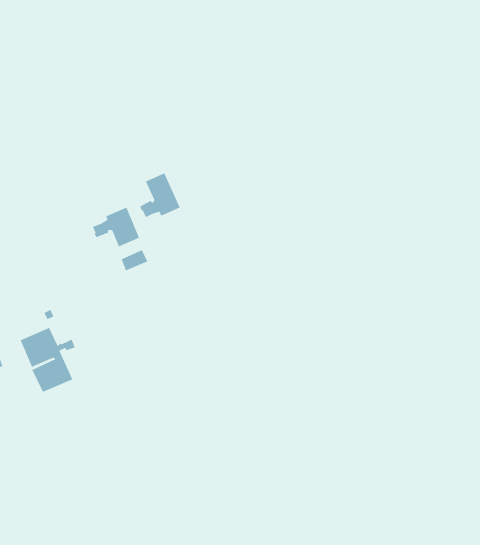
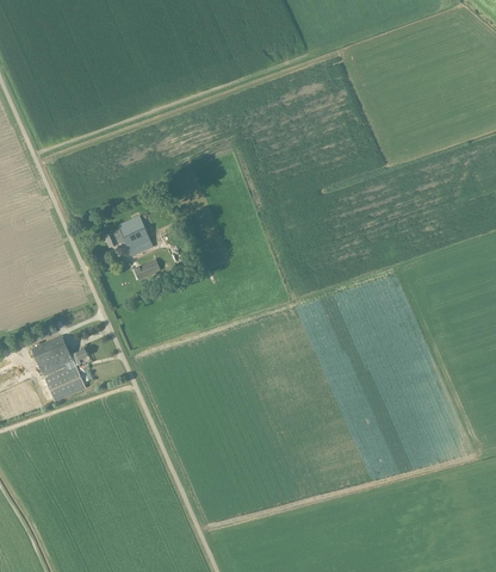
building: [140,173,181,218] -> none

